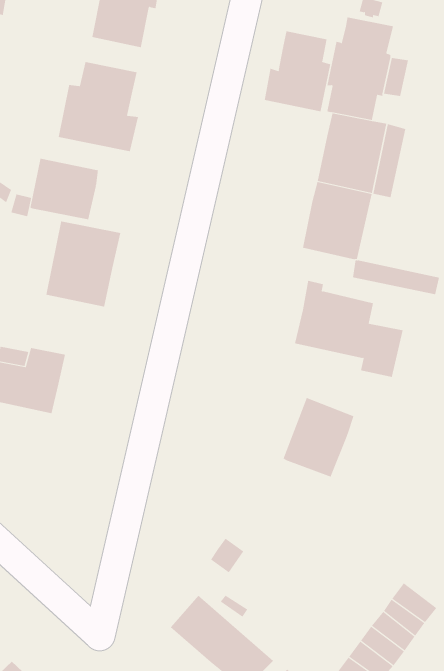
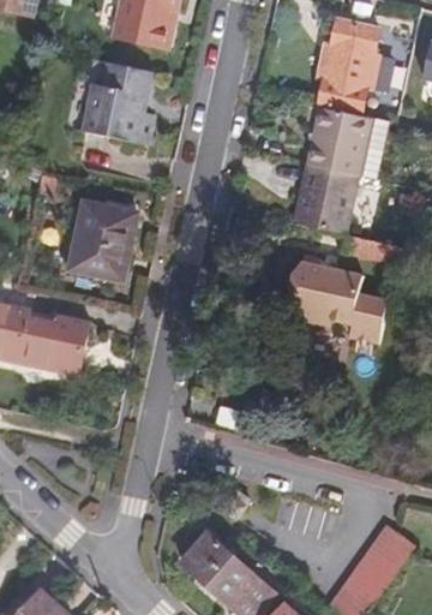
building: [264,30,331,112] -> none
building: [30,158,99,220] -> none
building: [283,397,354,477] -> none

